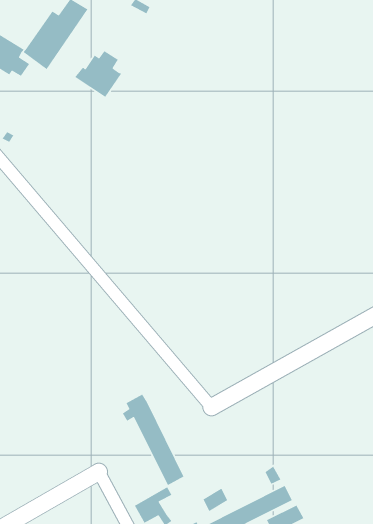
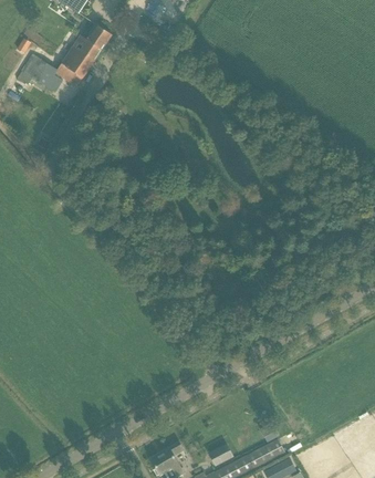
building: [74,50,122,98] -> none
building: [122,393,185,486] -> none

